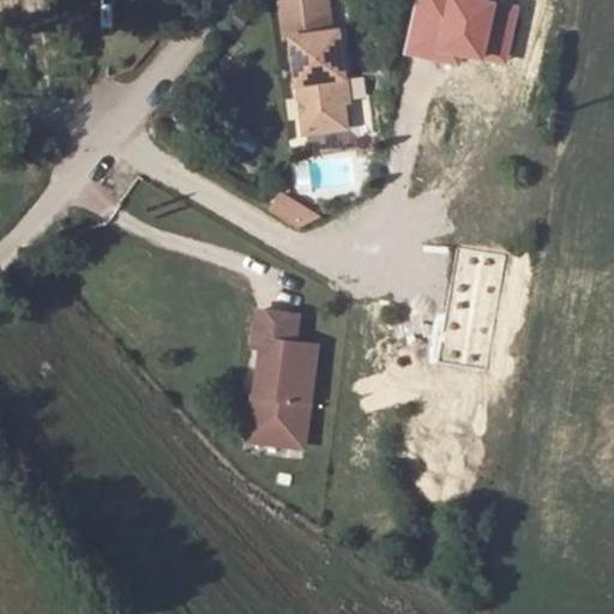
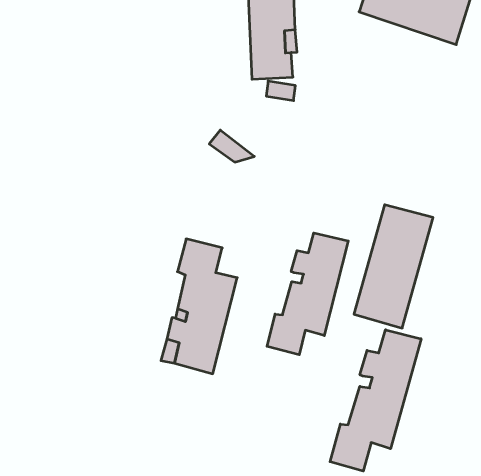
building: none -> [267,233,348,355]
building: none -> [330,330,421,471]

